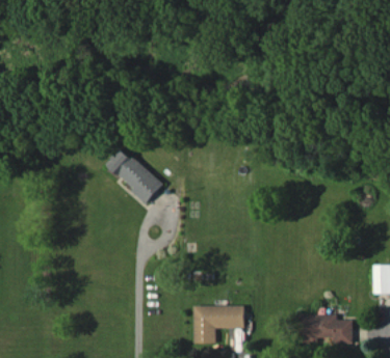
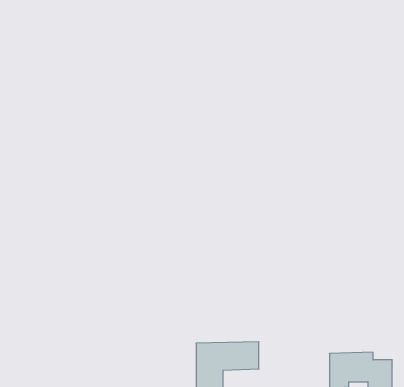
building: [105,147,162,203] -> none

